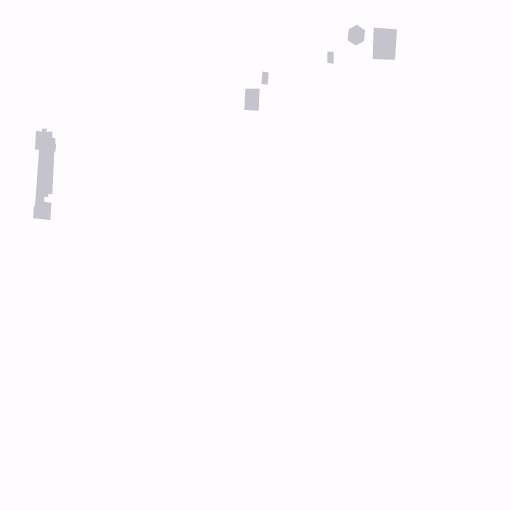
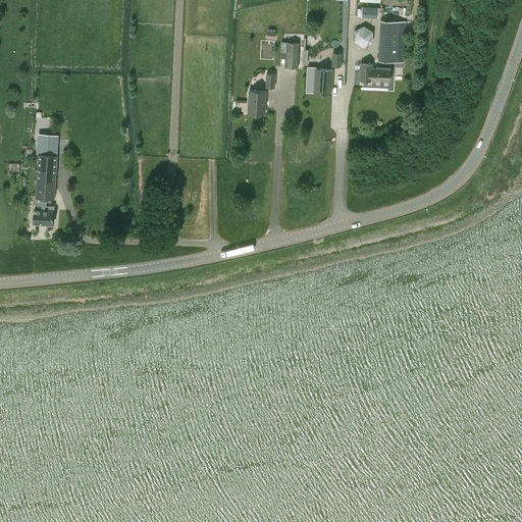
building: none -> [279,42,299,68]
building: none -> [359,64,390,81]
building: none -> [314,69,332,93]

